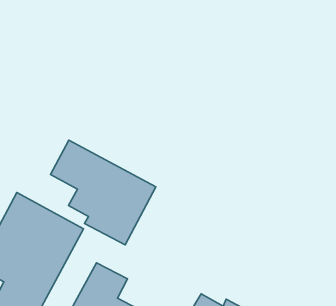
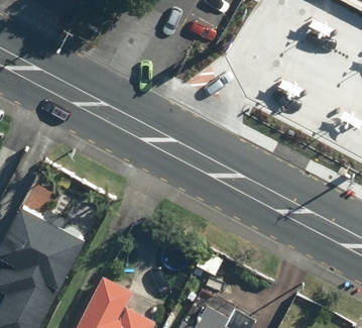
building: [50,140,156,245] -> none

